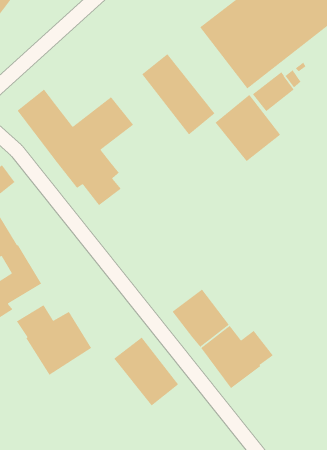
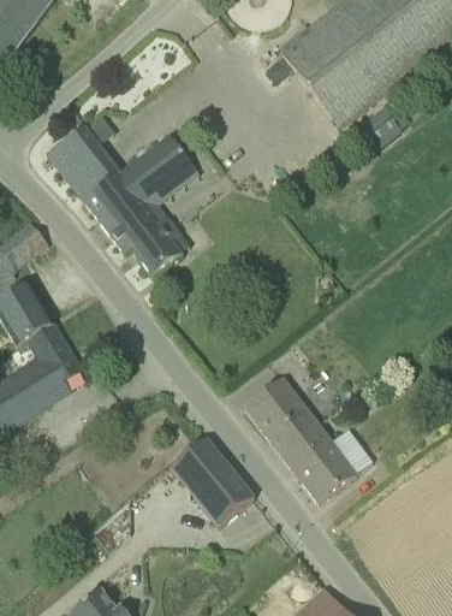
building: [141,53,215,135] -> none
building: [214,94,281,162] -> none
building: [16,304,92,376] -> none

